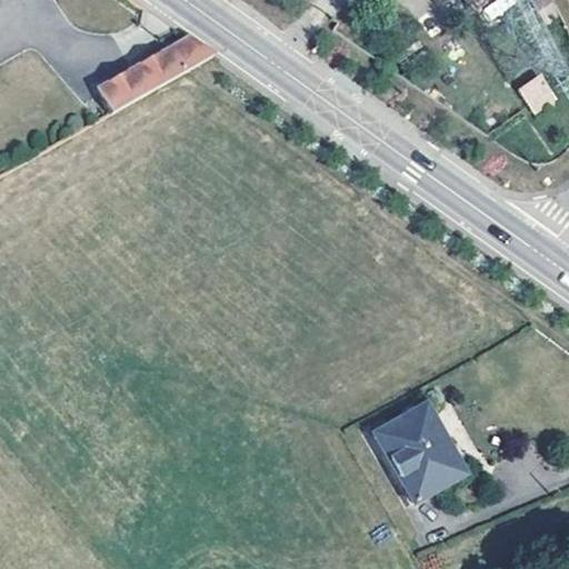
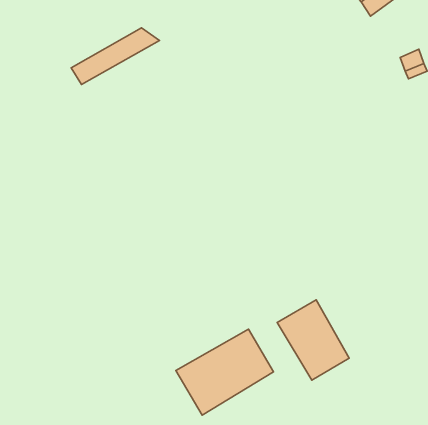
building: none -> [176,329,273,415]

